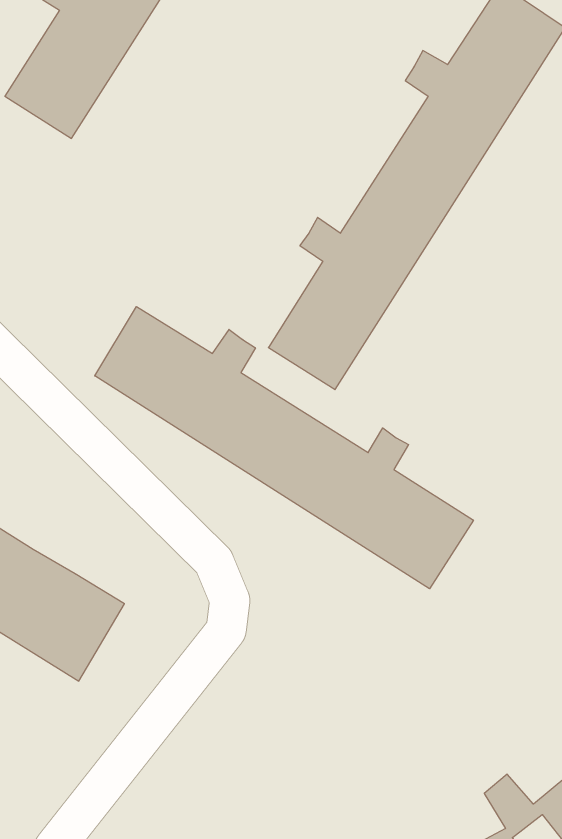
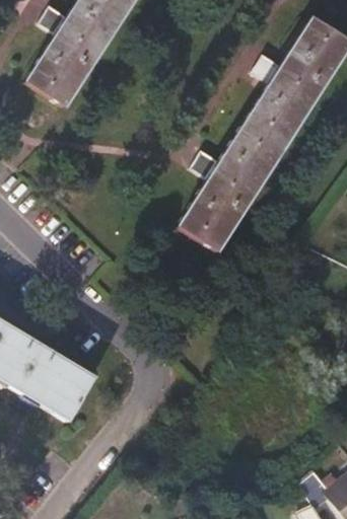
building: [95,307,473,589] -> none

